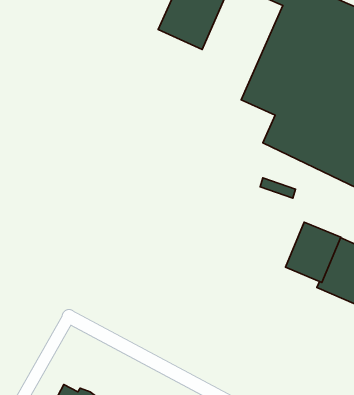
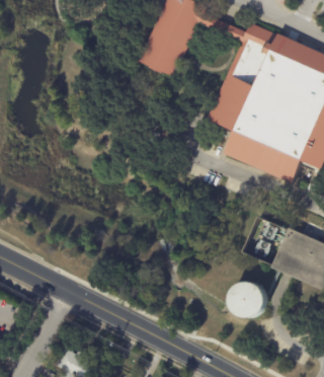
building: none -> [232,281,267,315]

